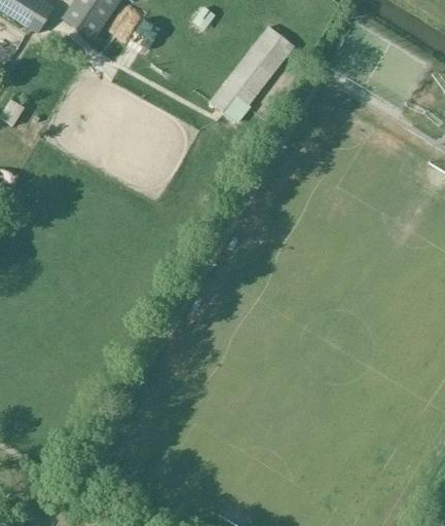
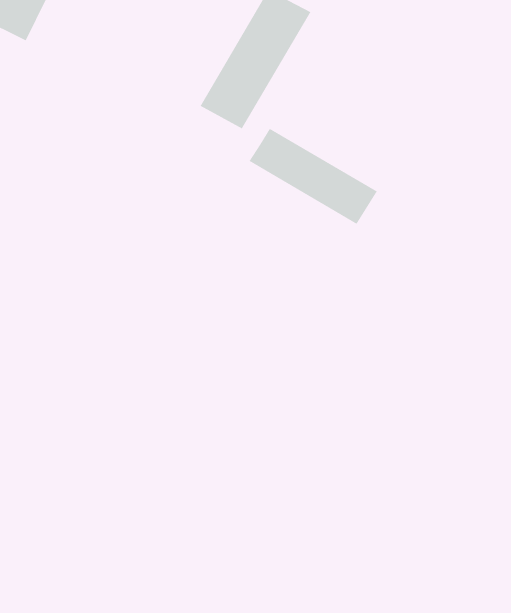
building: none -> [248,128,378,225]

